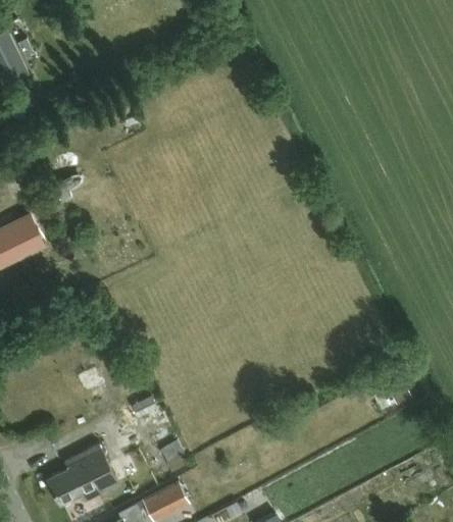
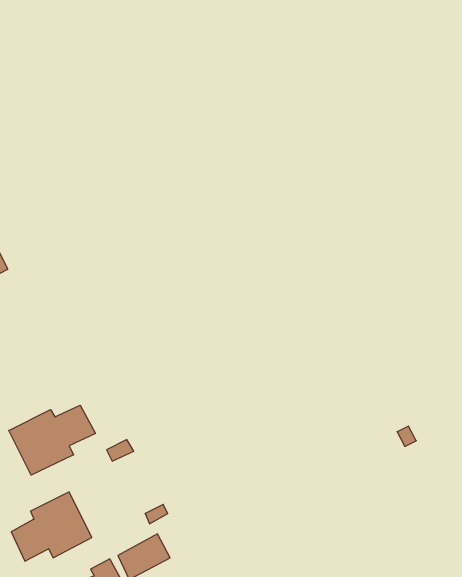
building: none -> [9,405,95,475]

